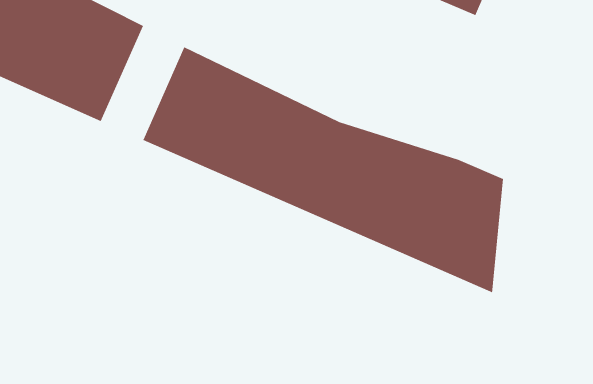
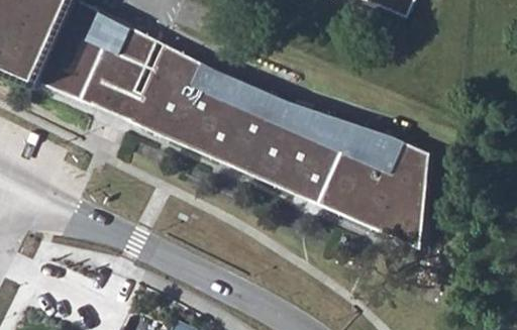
building: none -> [94,25,163,120]

